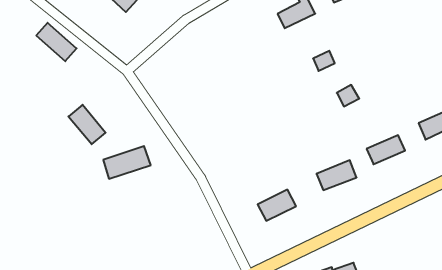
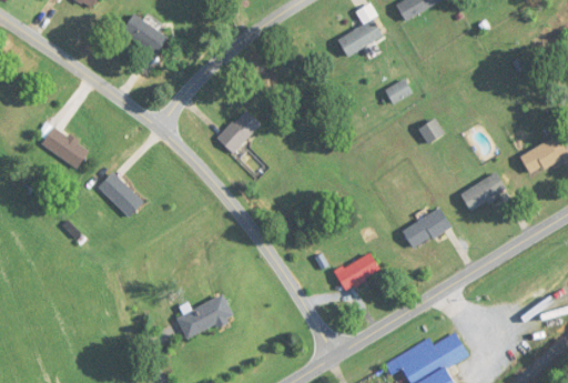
building: [36,23,77,61] -> [38,123,88,168]
building: none -> [216,110,261,153]
building: [103,146,151,179] -> [175,294,233,337]

